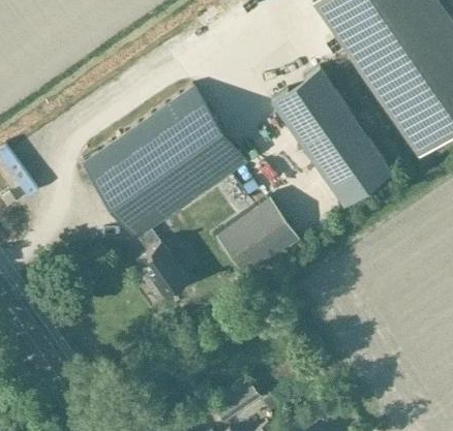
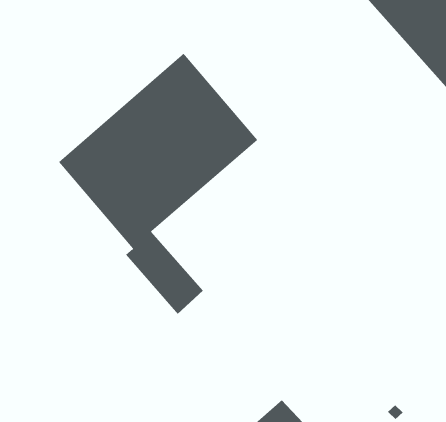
building: [271,68,393,208] -> none
building: [216,196,300,277] -> none

